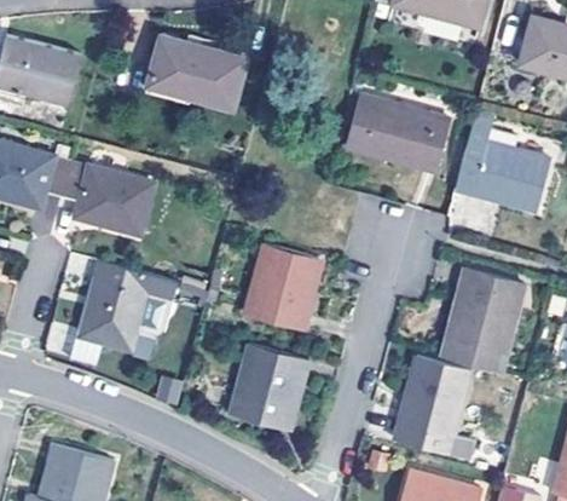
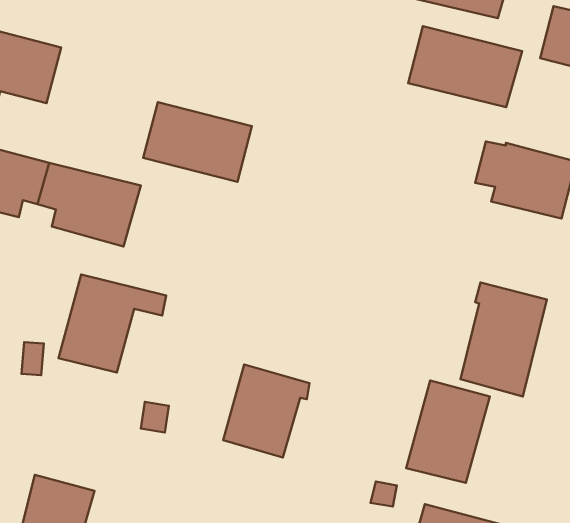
building: [147,35,247,108] -> [143,102,252,182]
building: [347,97,451,171] -> [408,26,522,107]
building: [244,243,317,330] -> none

